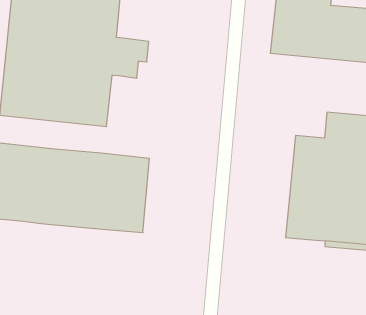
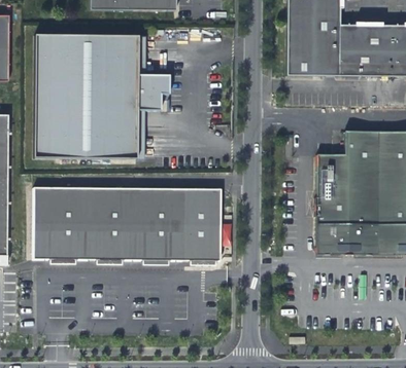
building: none -> [180,187,222,258]

